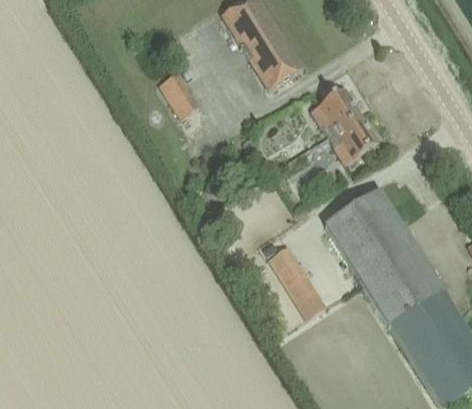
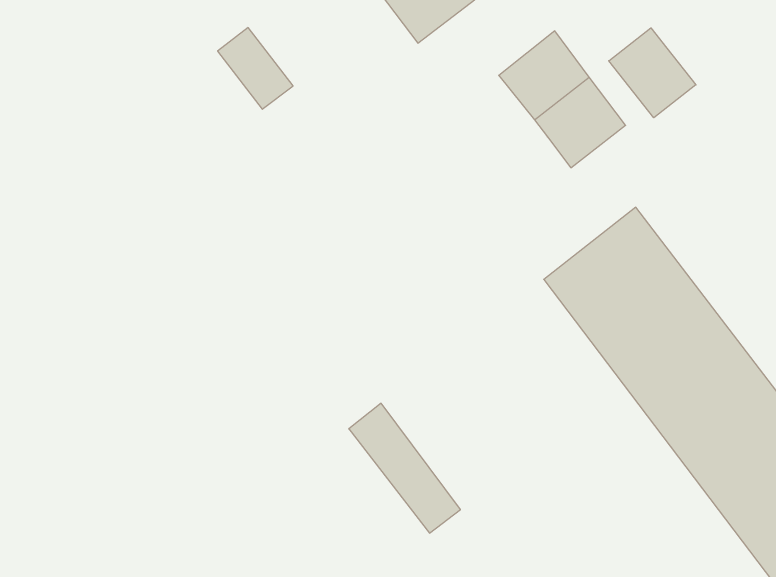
building: none -> [609,28,696,118]
building: [267,244,323,317] -> [349,403,460,533]

